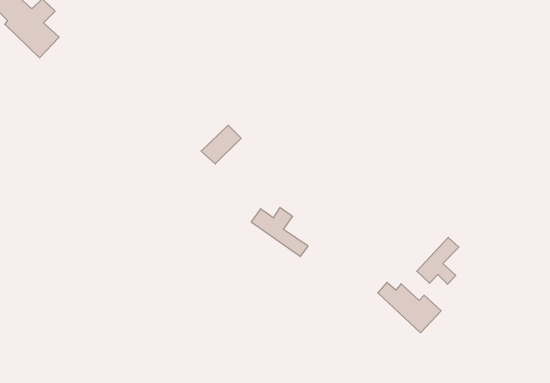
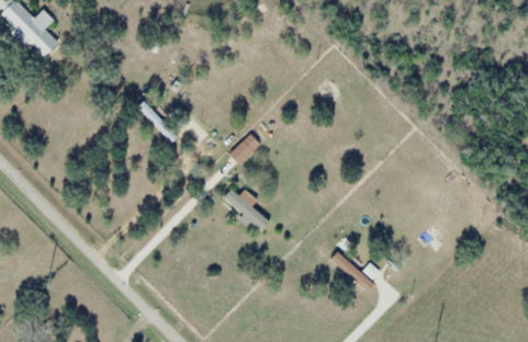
building: [201,125,241,164] -> [228,133,262,166]
building: [417,237,459,284] -> none

